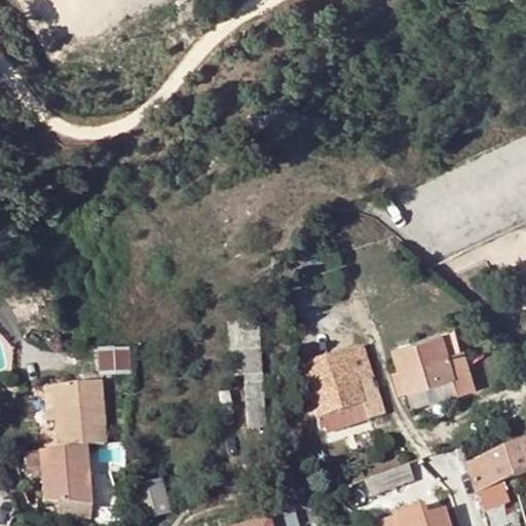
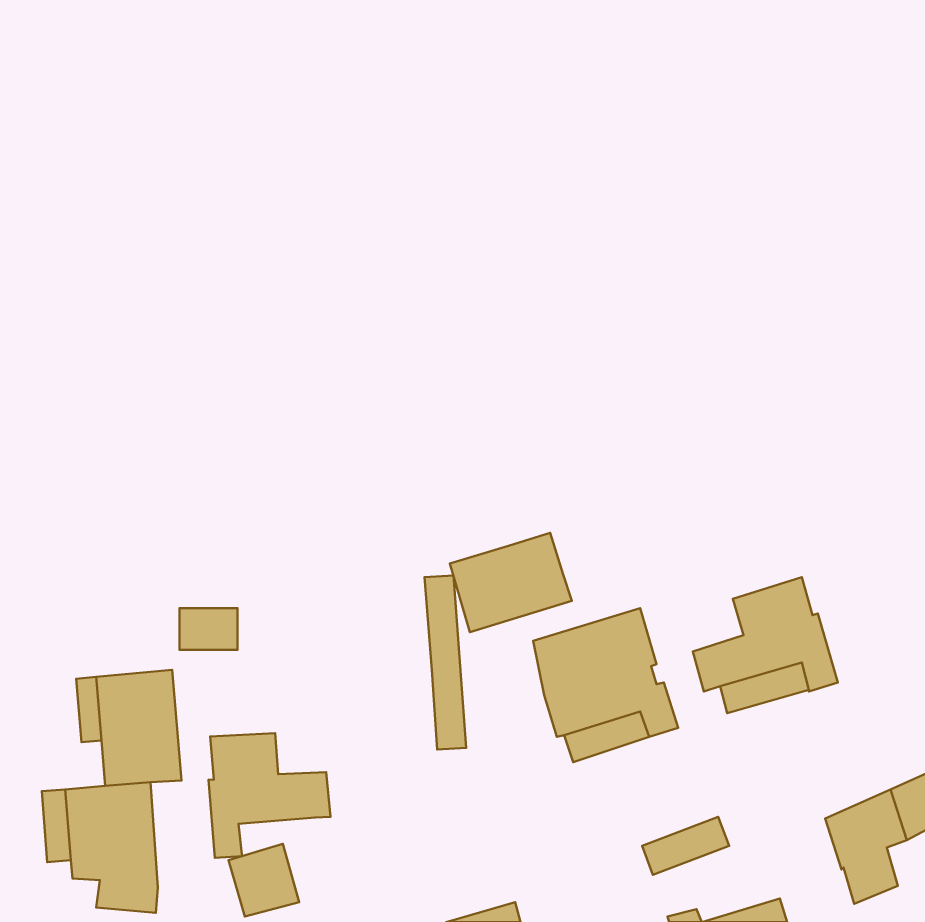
building: none -> [450,533,572,632]
building: none -> [209,733,331,858]

